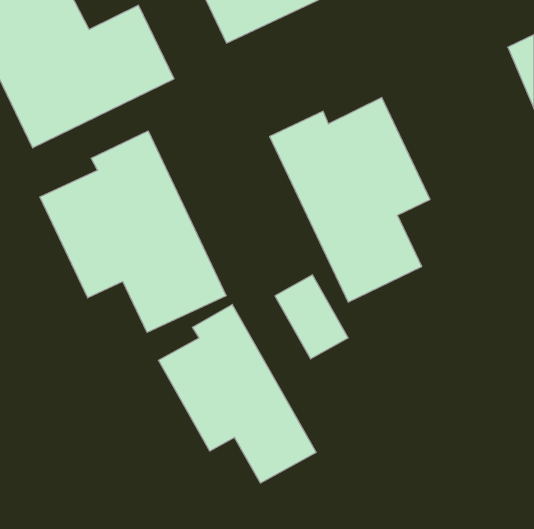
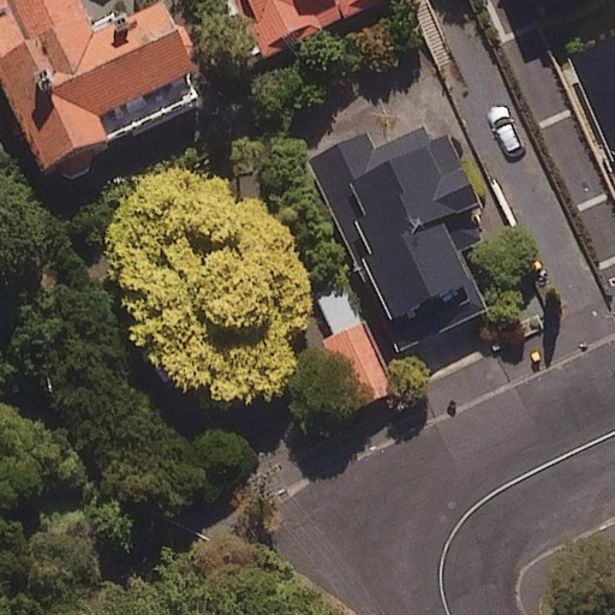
building: [40,131,226,332] -> none
building: [158,304,316,483] -> none

